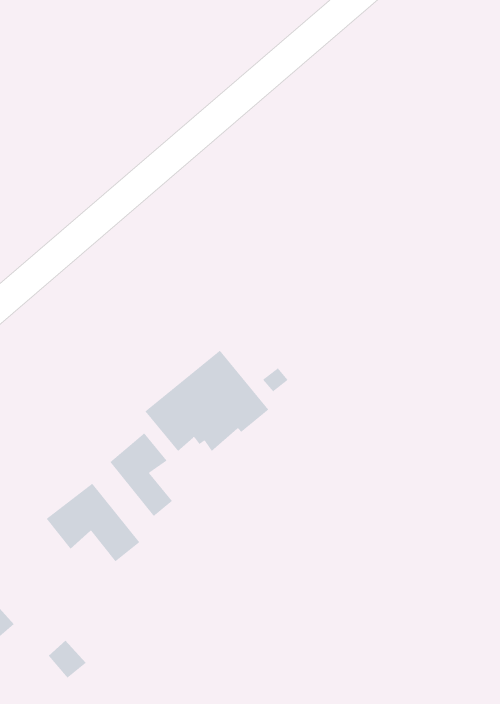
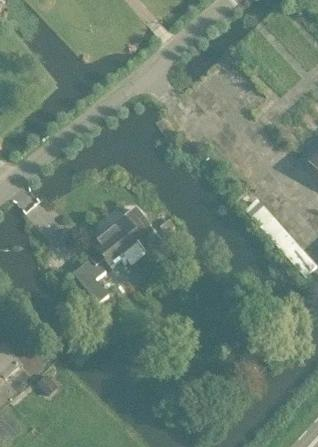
building: [46,483,140,562] -> none

